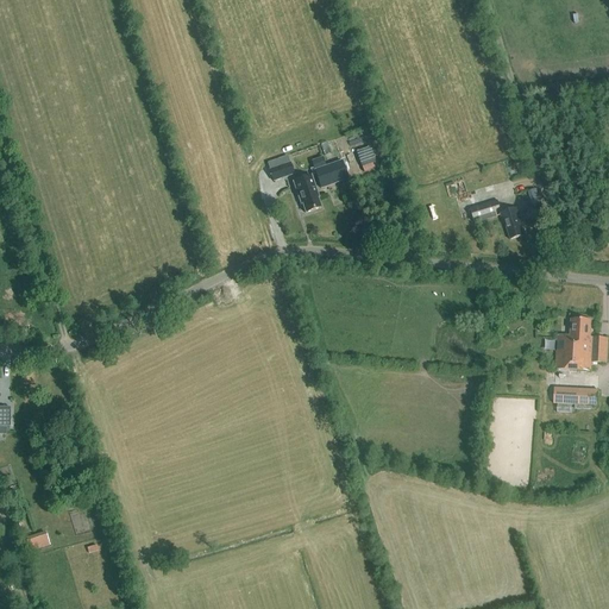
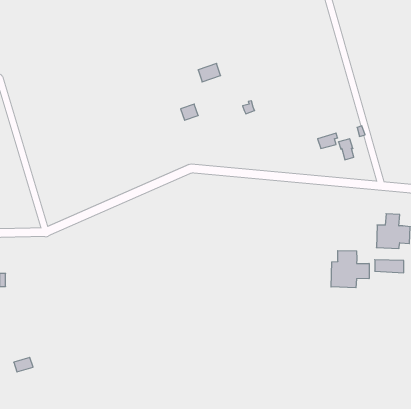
building: [313,157,346,184] -> [198,63,221,82]
building: [290,172,318,209] -> none
building: none -> [331,251,369,288]

